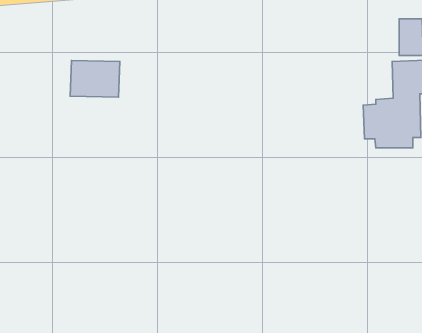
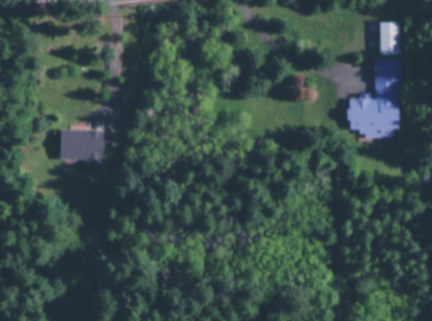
building: [70,60,120,97] -> [59,129,104,163]

